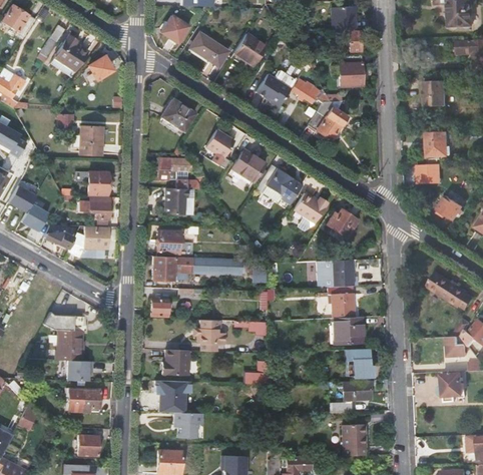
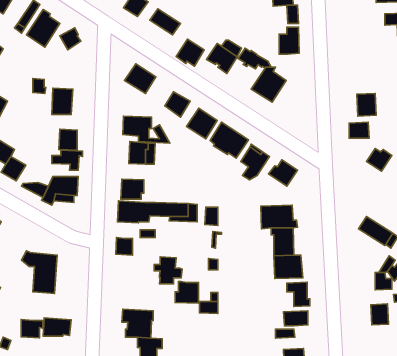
building: [232,33,265,64] -> [176,39,204,66]
building: [426,80,448,102] -> none
building: [164,348,191,373] -> [175,281,199,303]
building: [67,360,92,381] -> [21,319,43,338]

